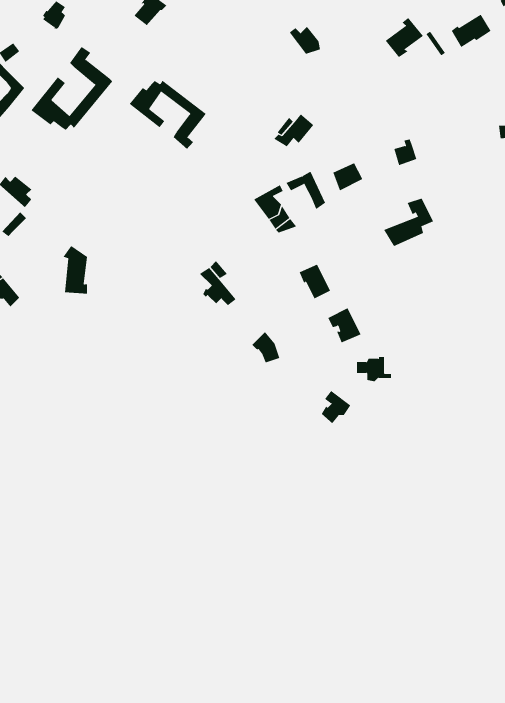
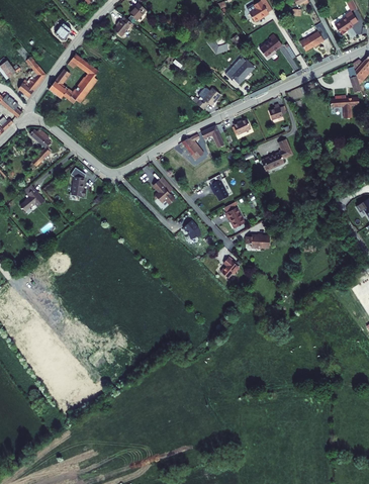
building: none -> [223,58,253,86]
building: [129,80,206,150] -> none

